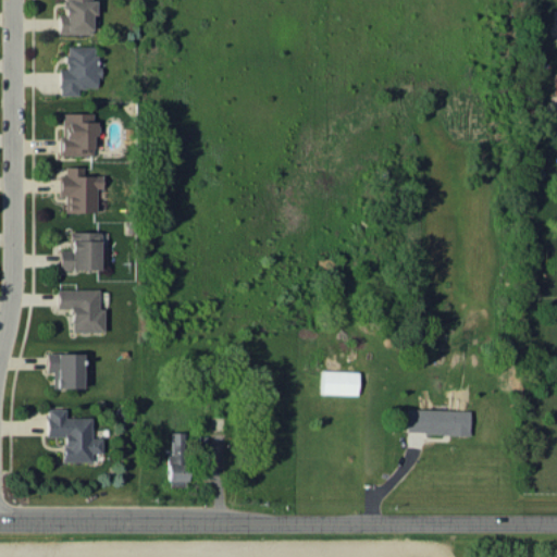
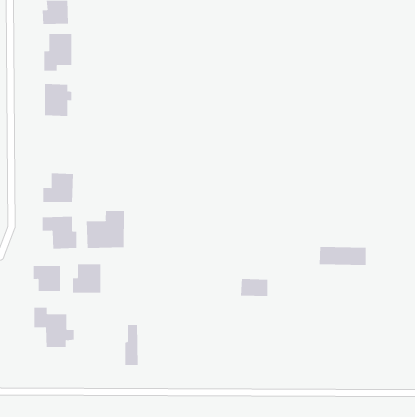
building: [62,168,106,213] -> none
building: none -> [86,210,124,249]
building: none -> [73,263,101,294]
building: [410,410,473,435] -> [319,247,366,265]

